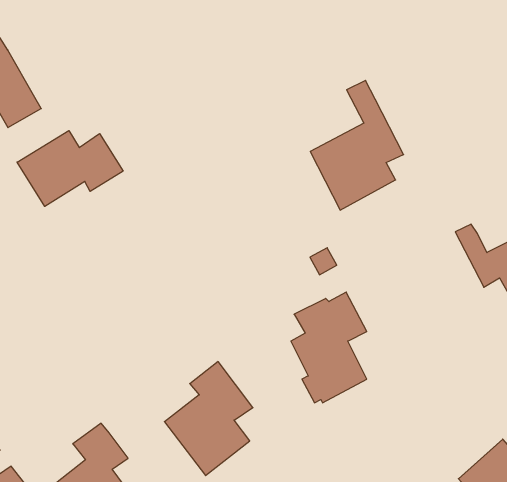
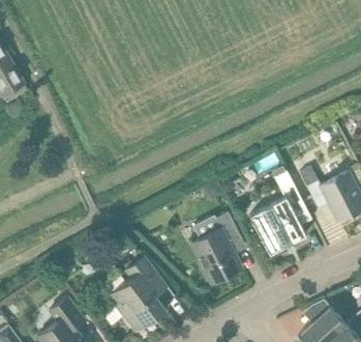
building: [310,80,404,210] -> [250,170,311,255]
building: [17,131,123,206] -> none

